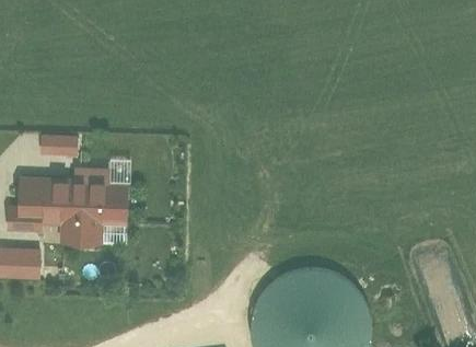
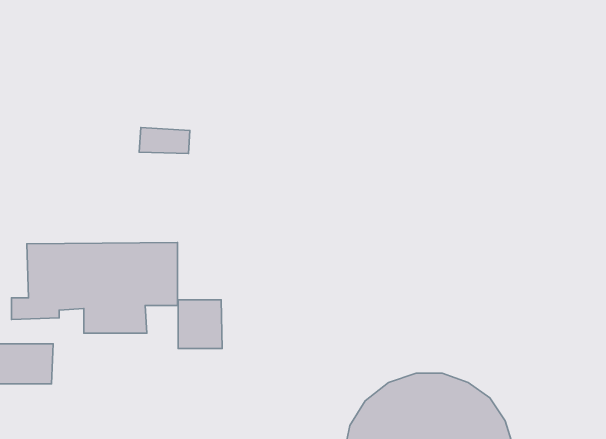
building: [43,132,79,151] -> [139,127,190,154]
building: none -> [178,300,222,349]

